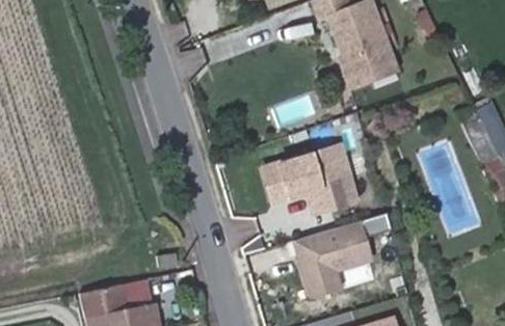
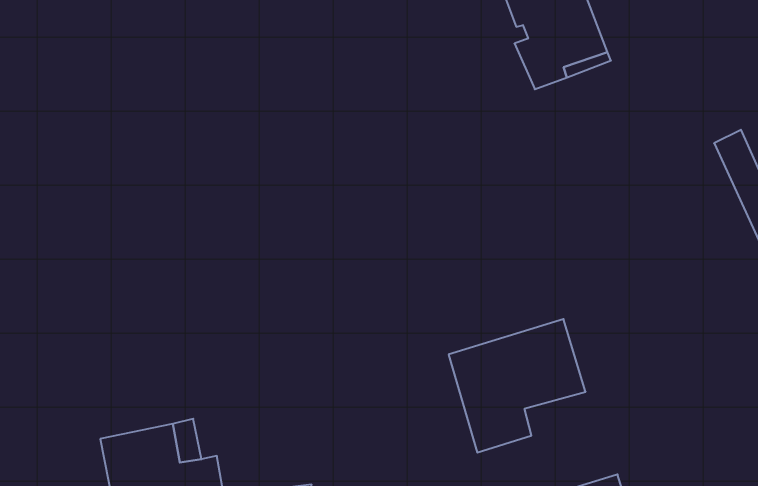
building: [261,140,366,218] -> none

